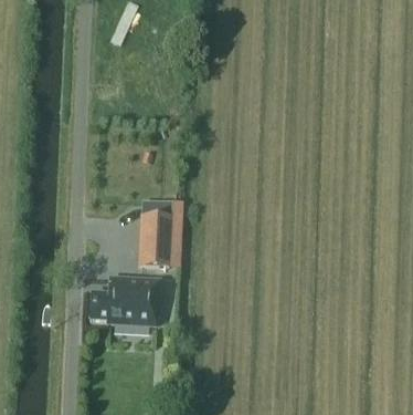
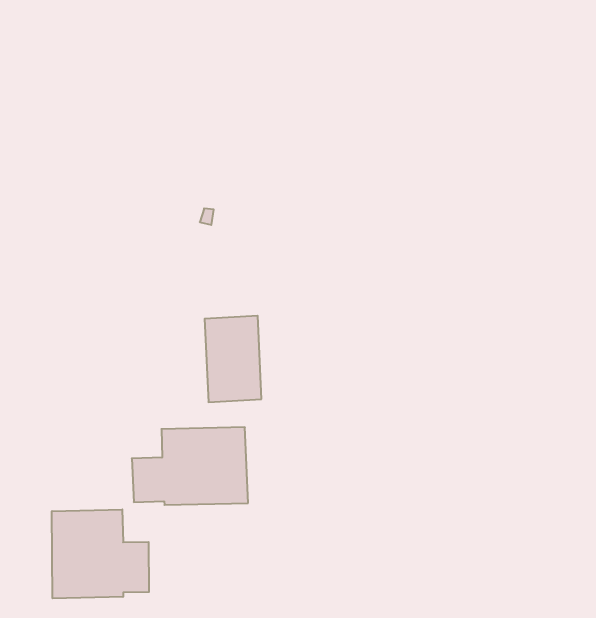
building: none -> [52,509,149,598]

